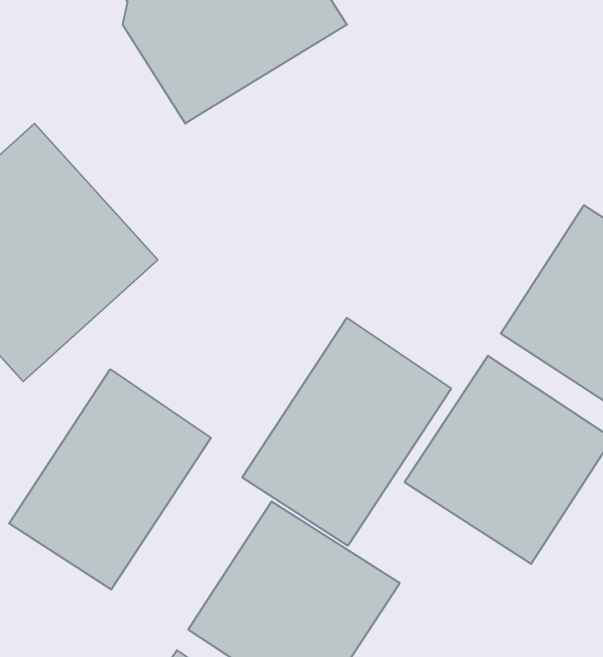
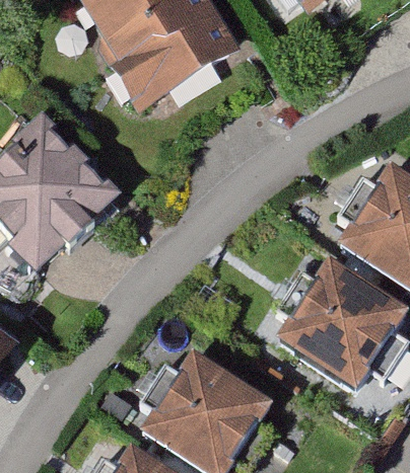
building: [242,318,451,546] -> none
building: [9,369,211,590] -> none

